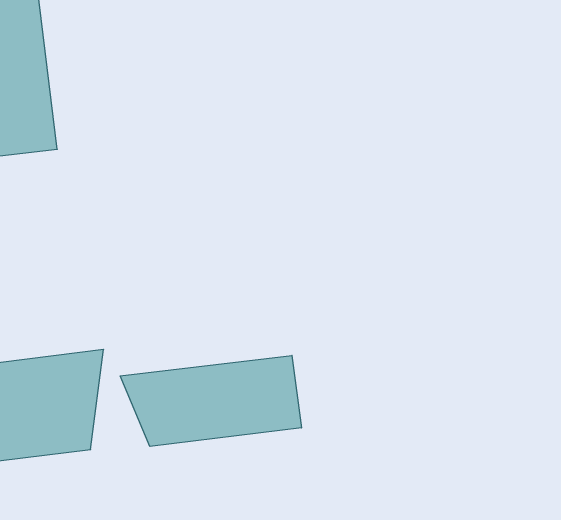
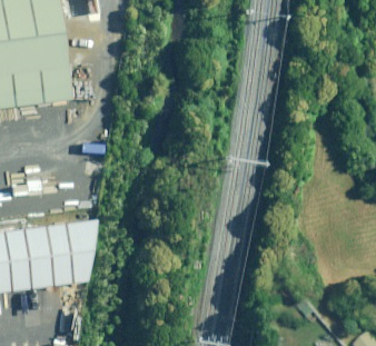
building: [120,355,301,446] -> none

